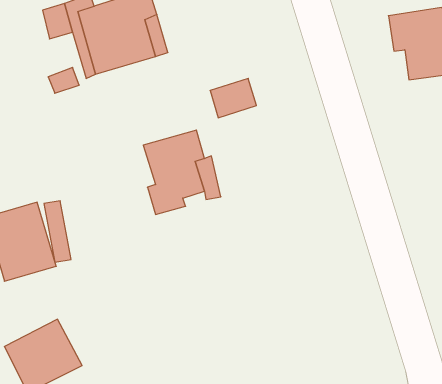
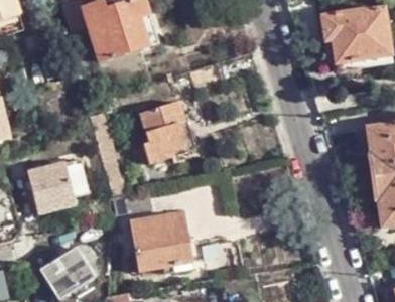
building: none -> [131,212,191,269]

